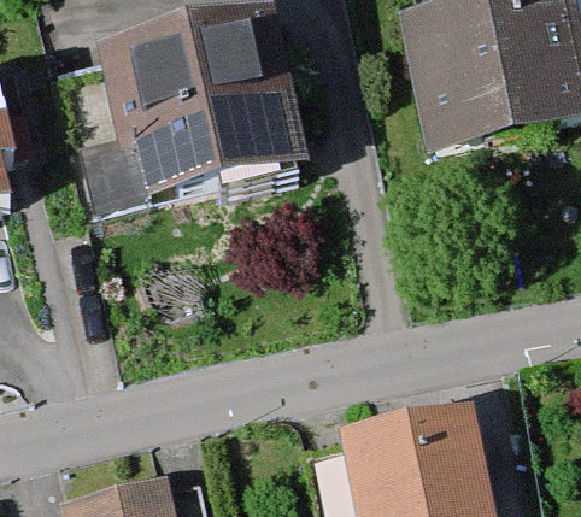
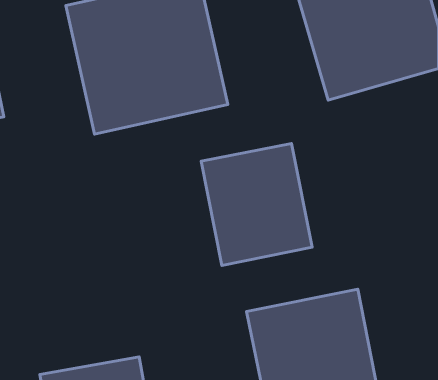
building: none -> [201,144,312,265]

